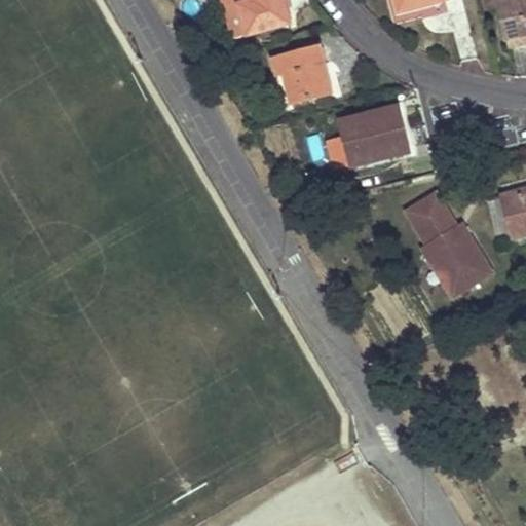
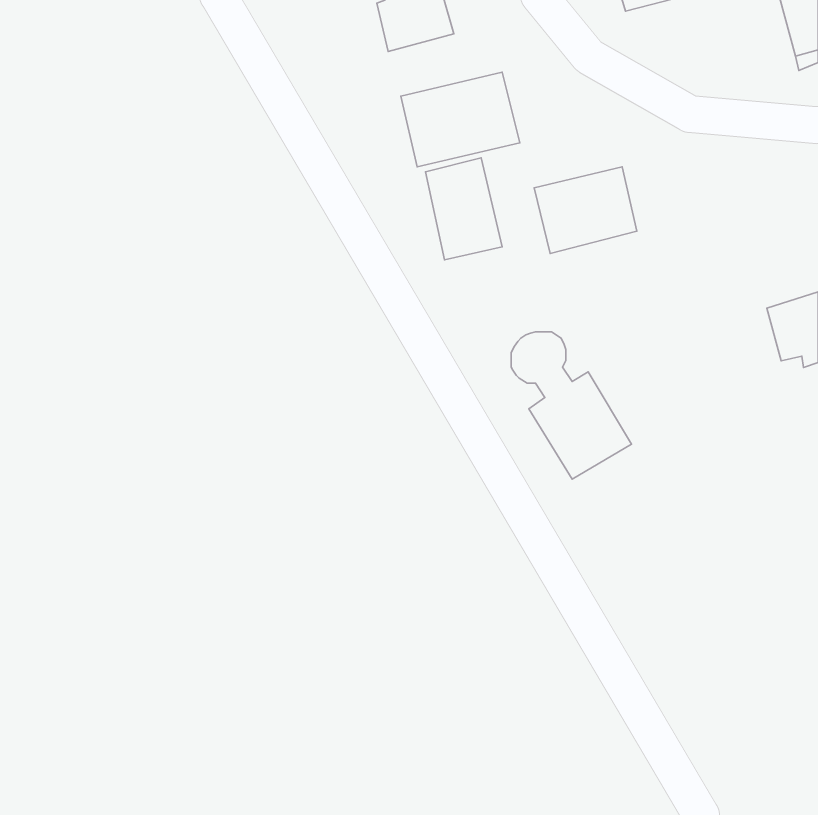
building: none -> [425,158,502,260]
building: [413,198,490,293] -> [511,332,632,479]

